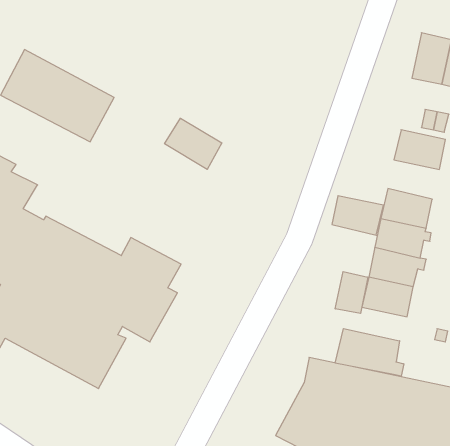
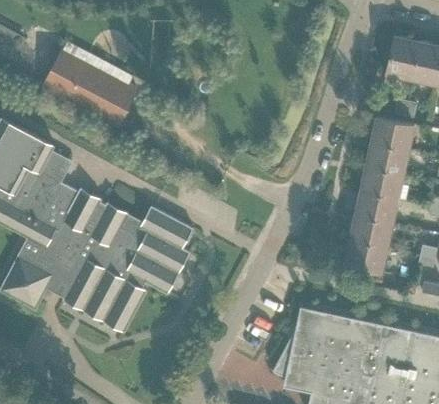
building: [165,118,222,169] -> none
building: [332,196,383,235] -> [366,142,409,175]
building: [335,272,368,313] -> none
building: [335,329,404,376] -> none

